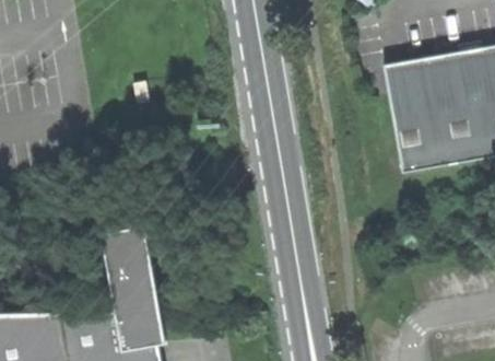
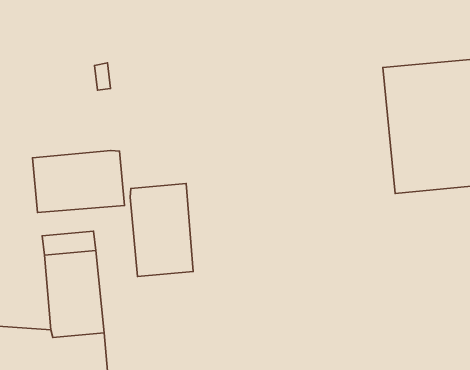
building: none -> [32,151,124,212]
building: none -> [130,183,193,277]

